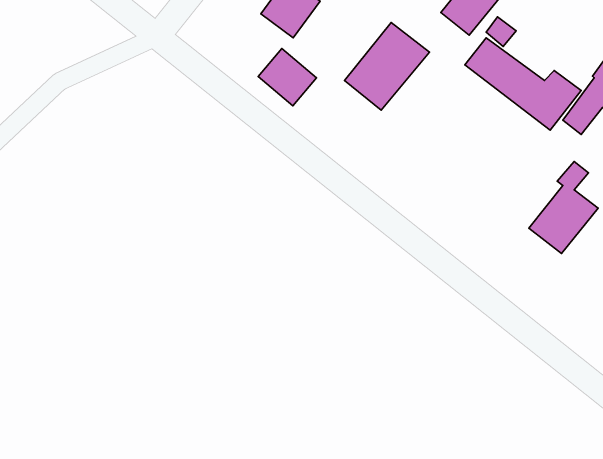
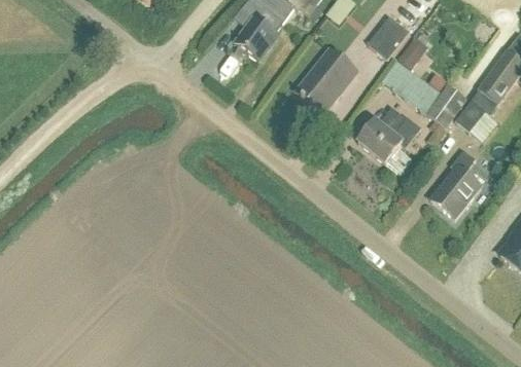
building: [258,49,317,106] -> none
building: none -> [359,105,417,172]

